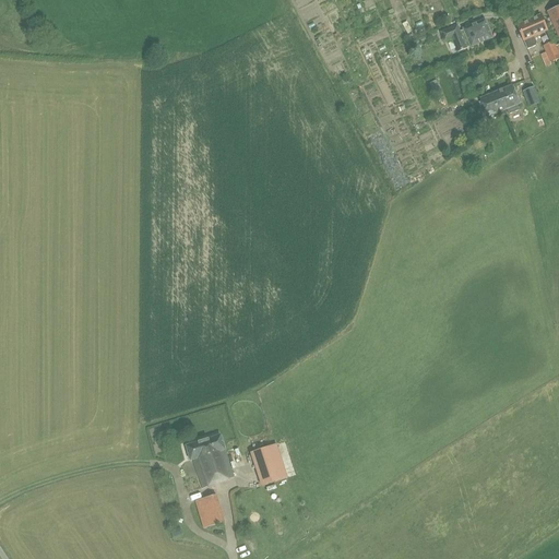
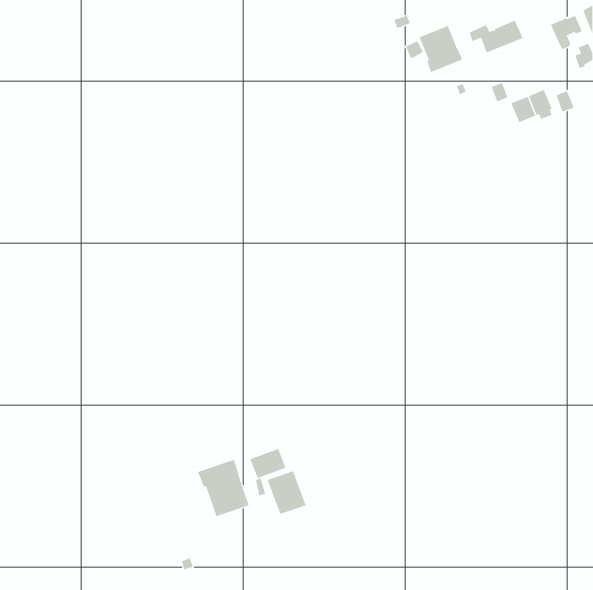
building: none -> [419,25,463,73]
building: none -> [250,448,286,479]
building: [195,493,225,527] -> none

